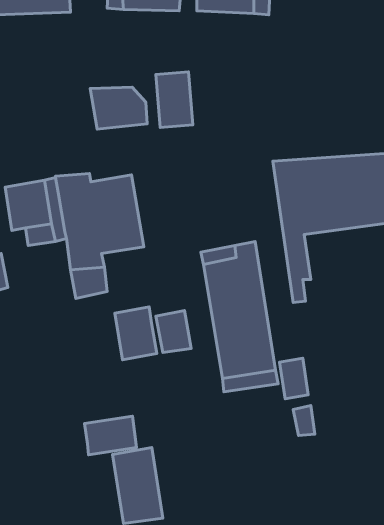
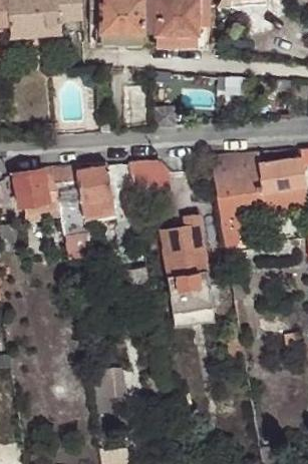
building: [90,87,147,129] -> [128,159,171,190]
building: [115,307,157,360] -> none
building: [85,416,136,455] -> none

